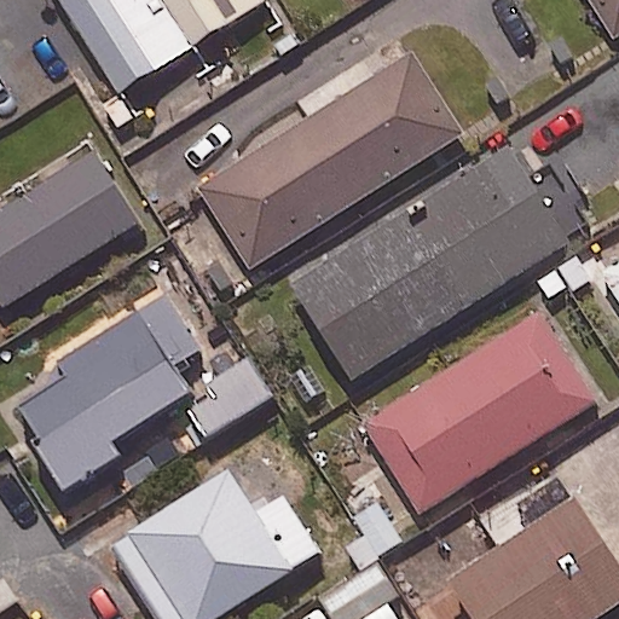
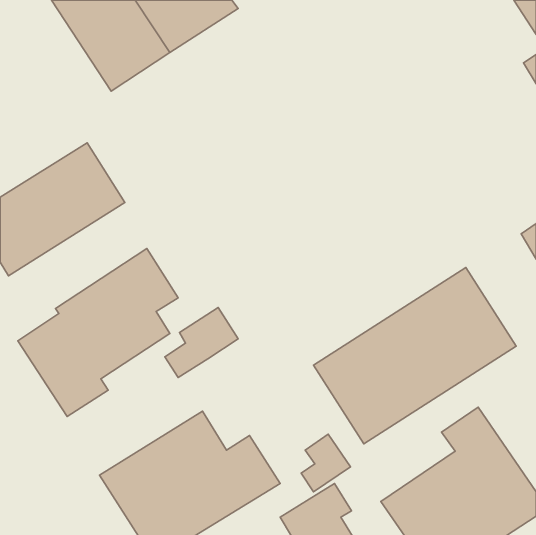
building: [197,52,461,267] -> none
building: [287,145,566,377] -> none

